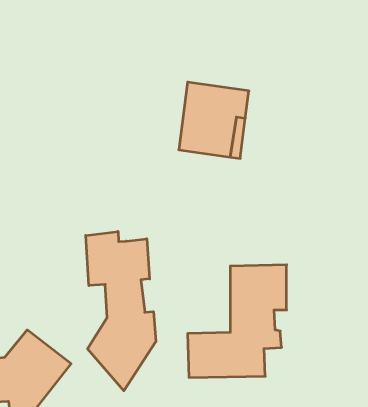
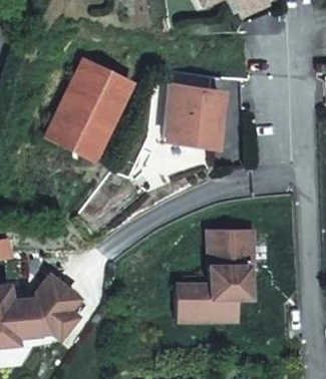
building: none -> [42,58,127,161]
building: [86,231,156,391] -> none

